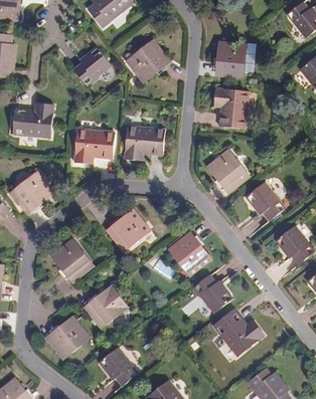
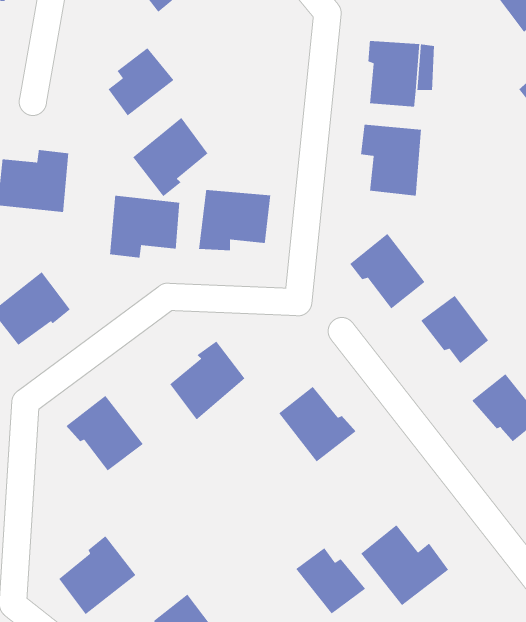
building: [125,39,167,83] -> [132,117,209,197]
building: [193,274,232,312] -> [295,547,366,614]
building: [86,285,128,329] -> none

